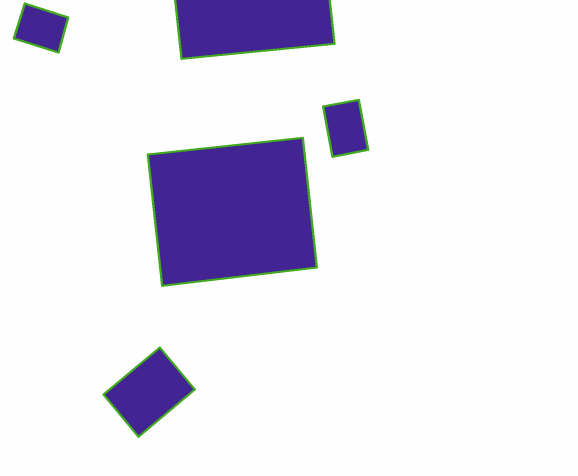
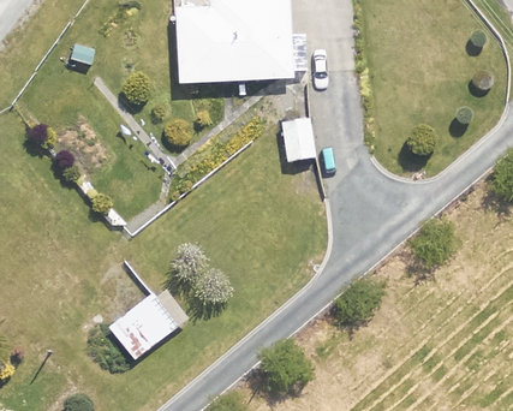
building: [148,138,317,286] -> none

